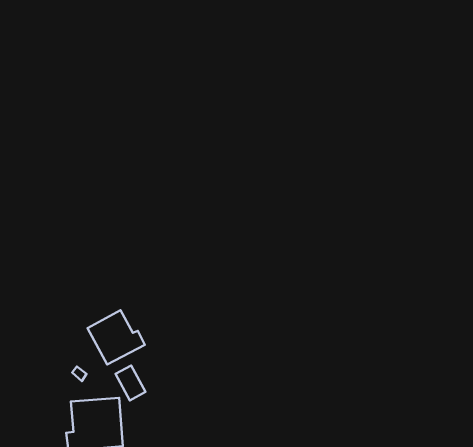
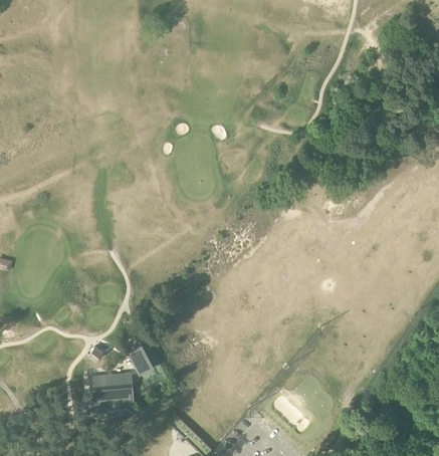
building: [87,310,145,365] -> none

